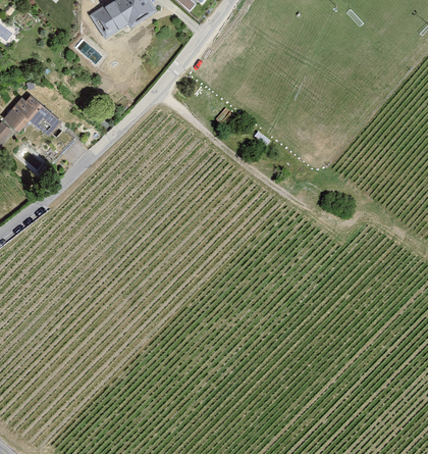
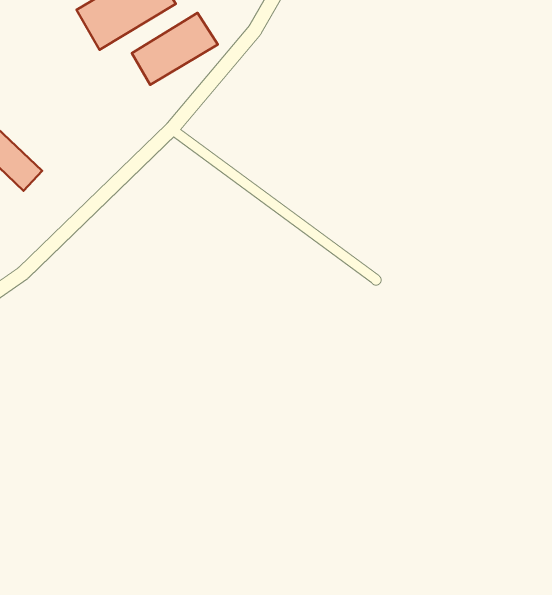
building: none -> [132,13,218,85]

